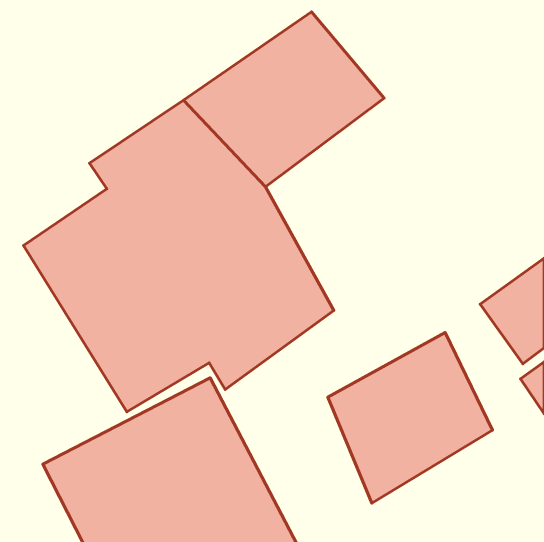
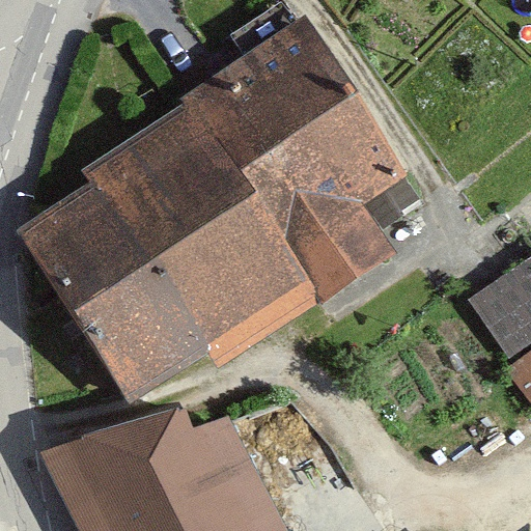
building: none -> [258,99,414,305]
building: [328,332,493,503] -> none

